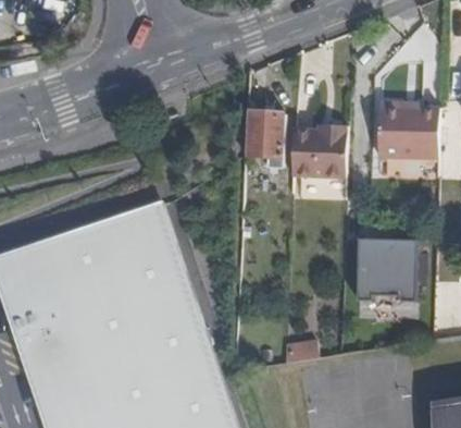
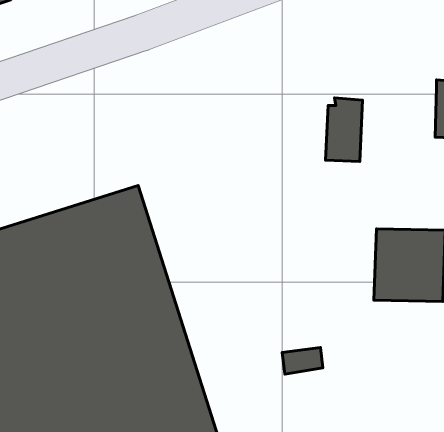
building: [384,103,415,159] -> none
building: [247,112,287,170] -> none
building: [295,131,323,179] -> none

